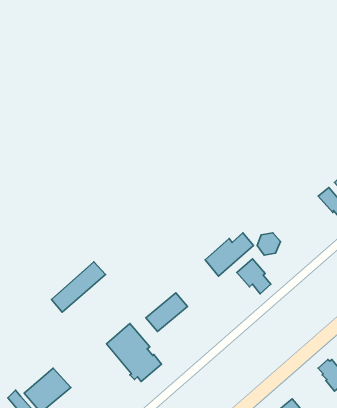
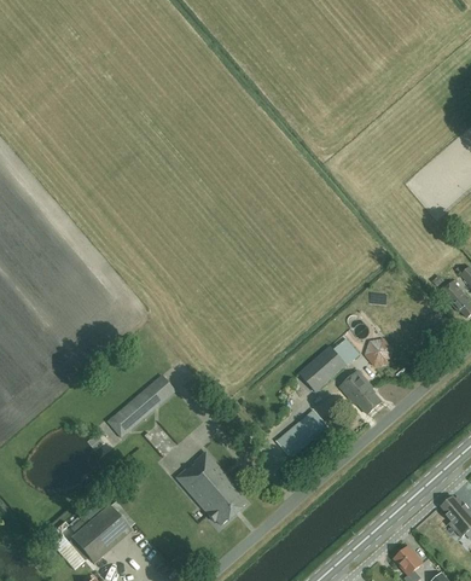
building: [146,293,187,332] -> [277,408,328,457]

